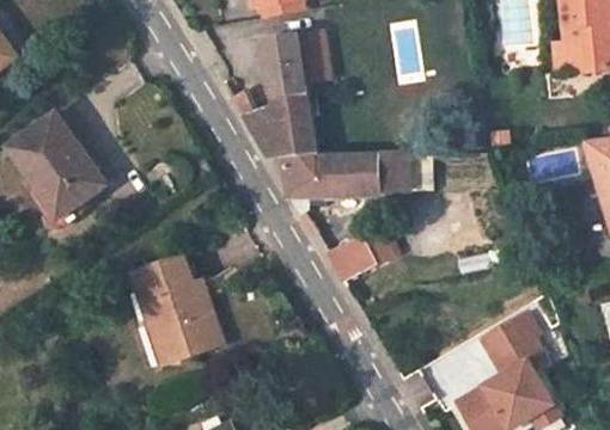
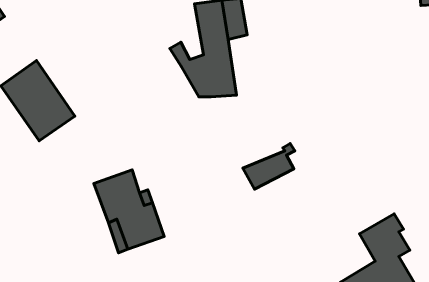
building: [283,150,409,197] -> none

